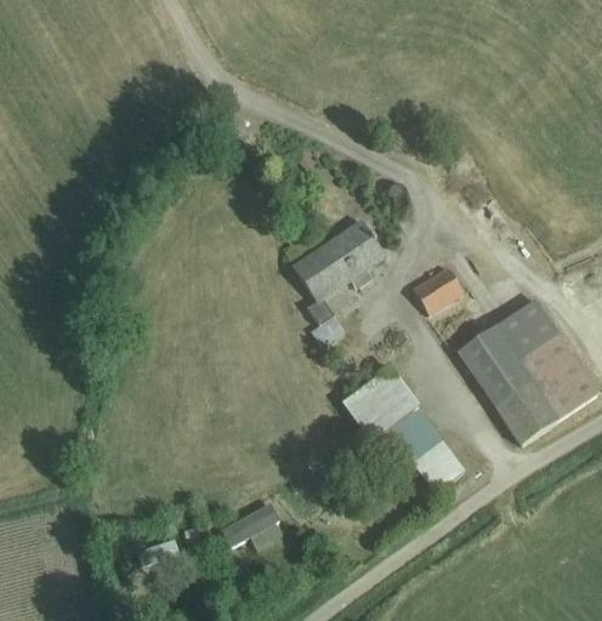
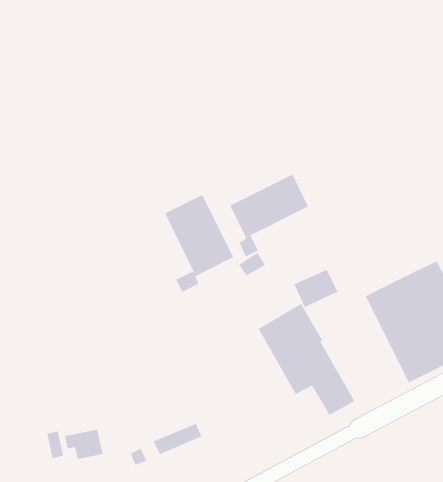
building: none -> [164,194,234,293]
building: [414,266,466,313] -> [293,269,338,308]
building: [218,502,278,547] -> none

